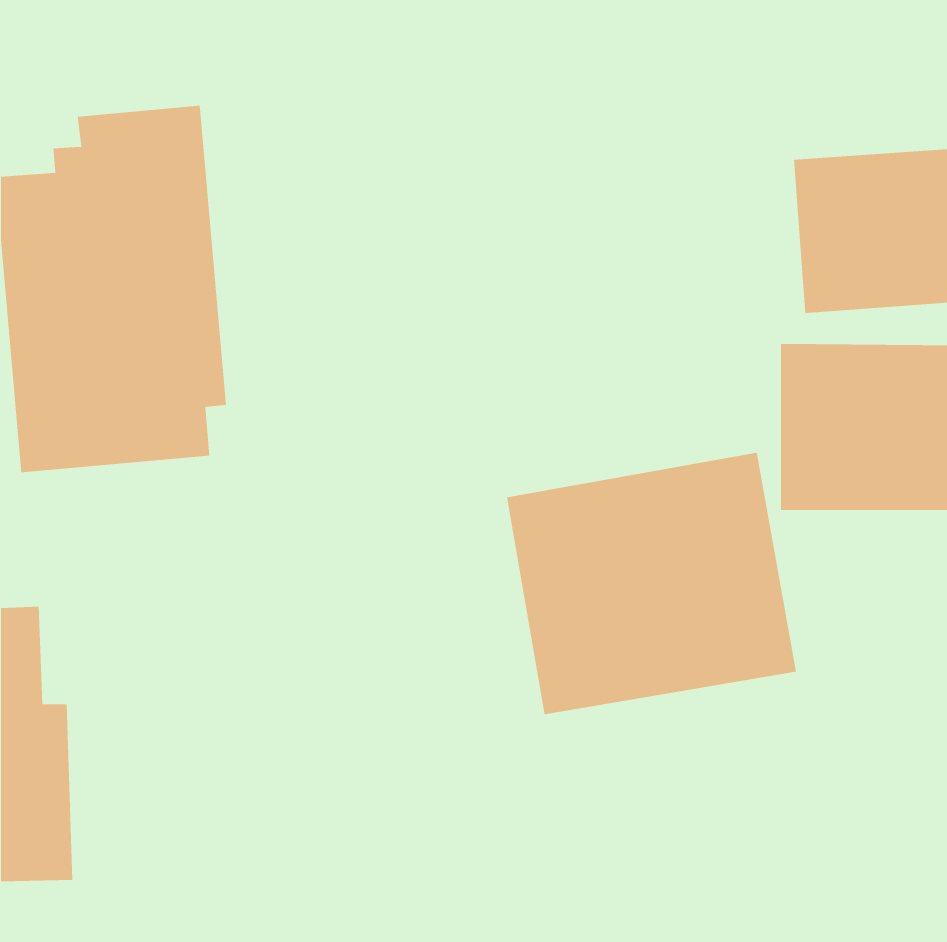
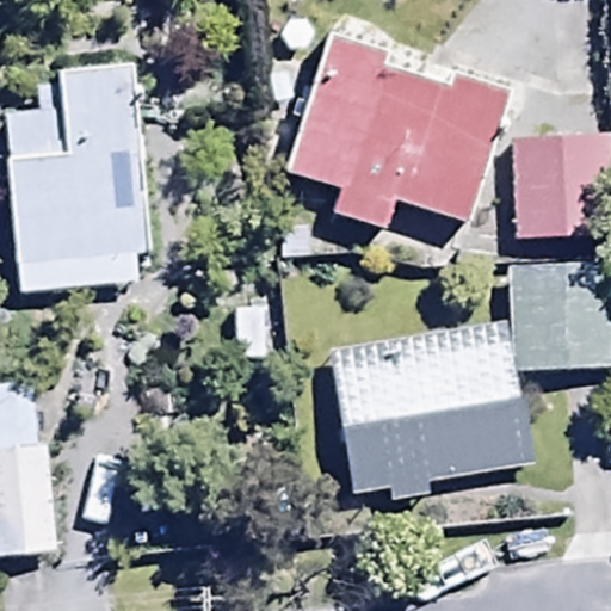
building: none -> [285,54,506,248]

